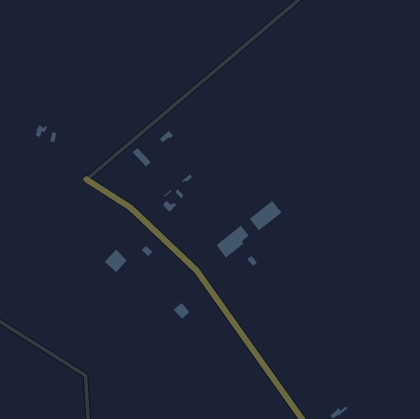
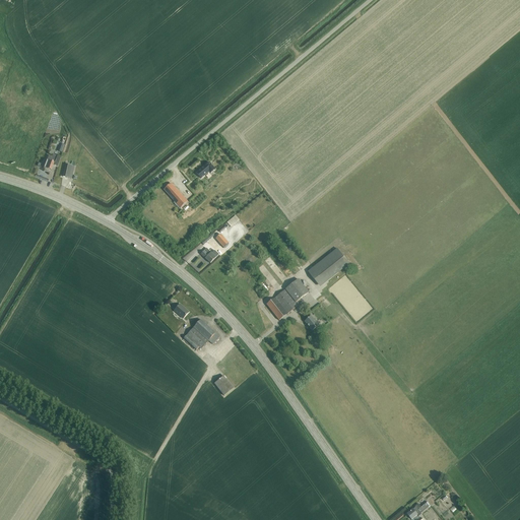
building: [104,249,128,273] -> [185,318,214,347]

